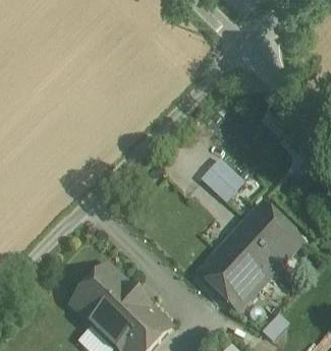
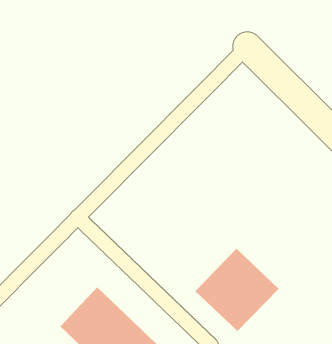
building: [204,158,245,199] -> none
building: [236,204,302,270] -> none

